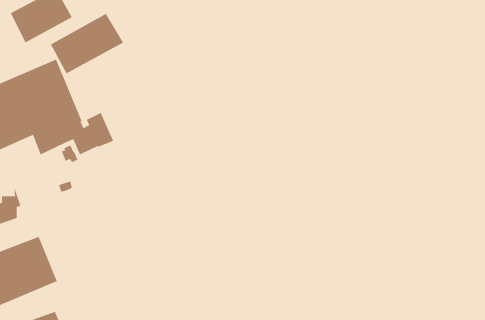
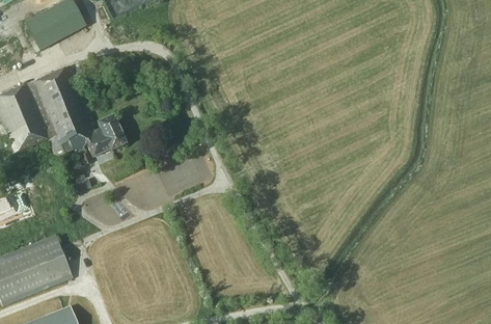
building: [50,13,124,75] -> none

